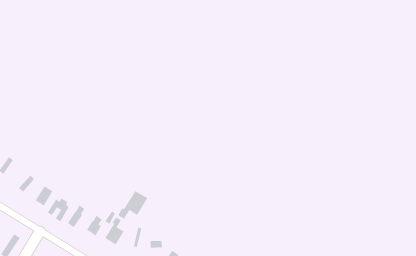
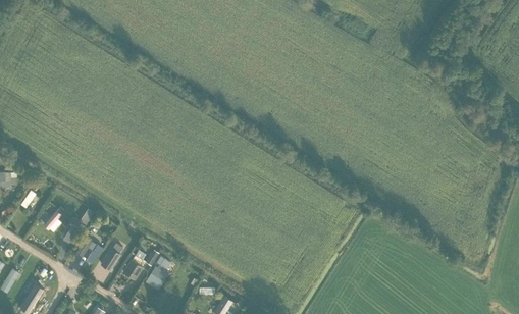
building: [118,191,148,220] -> none

